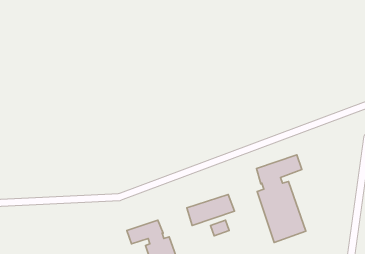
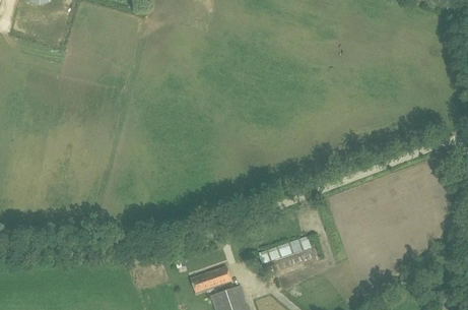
building: [257,155,306,243] -> none

